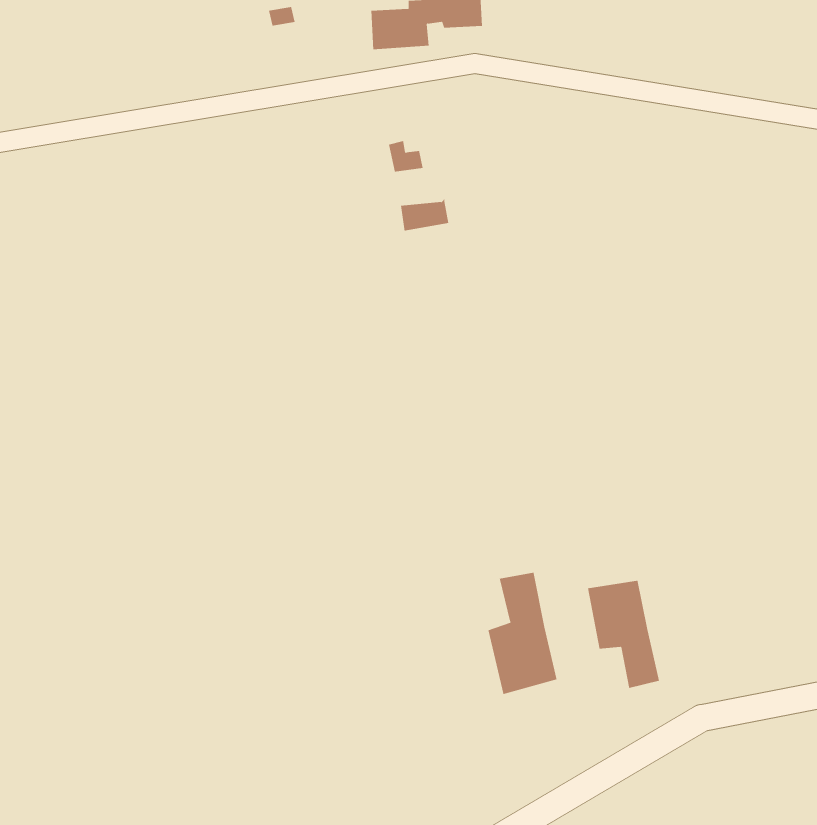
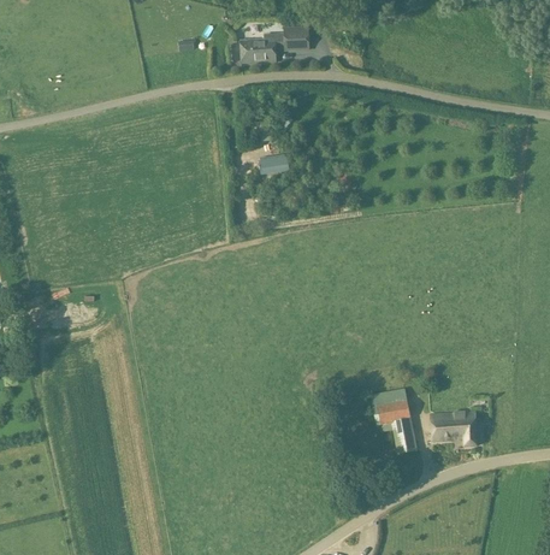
building: [488,572,557,695] -> none
building: none -> [430,411,477,445]

